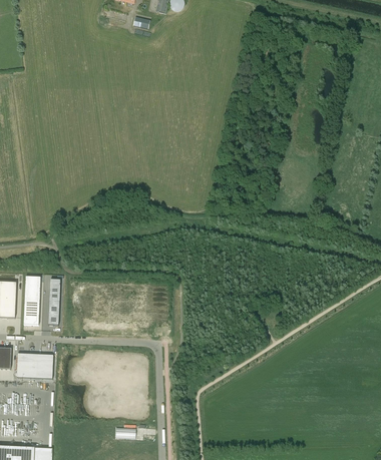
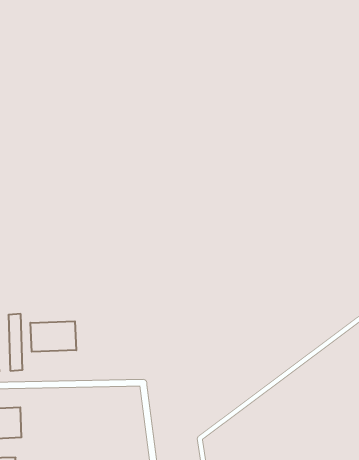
building: none -> [30,321,76,352]

